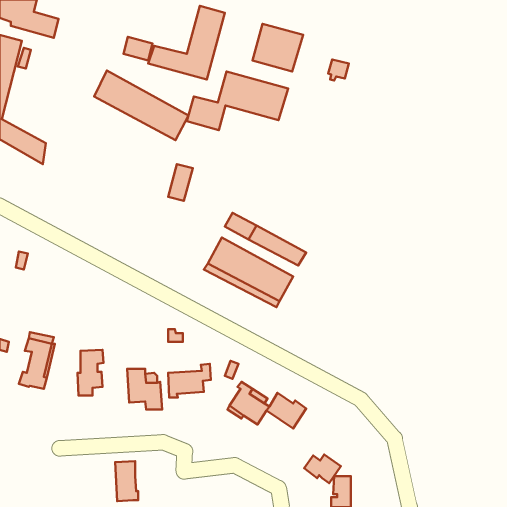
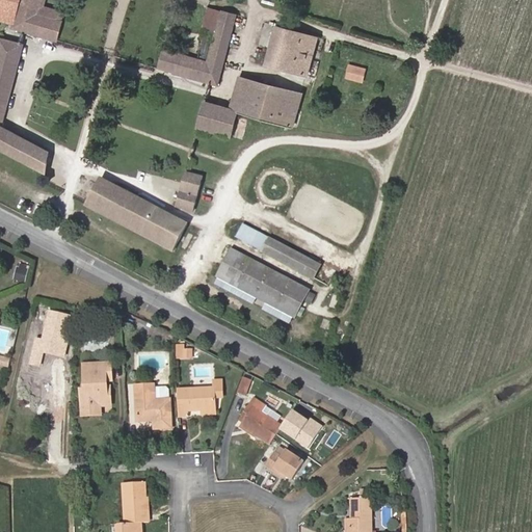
building: [124,37,152,61] -> none
building: [94,71,188,140] -> [87,178,186,250]
building: [304,454,341,483] -> [265,452,303,482]

